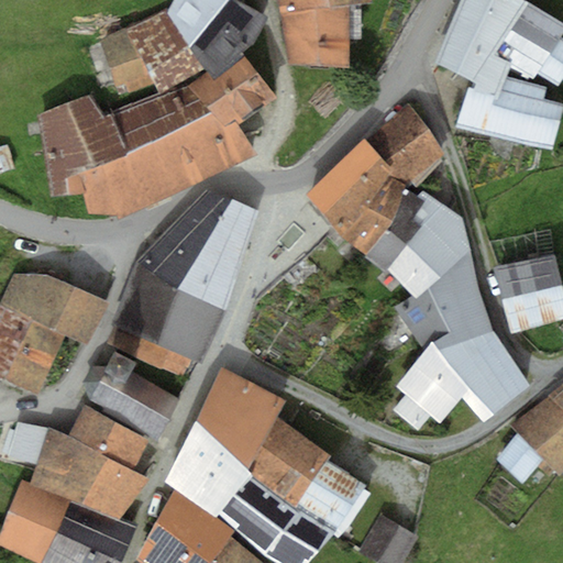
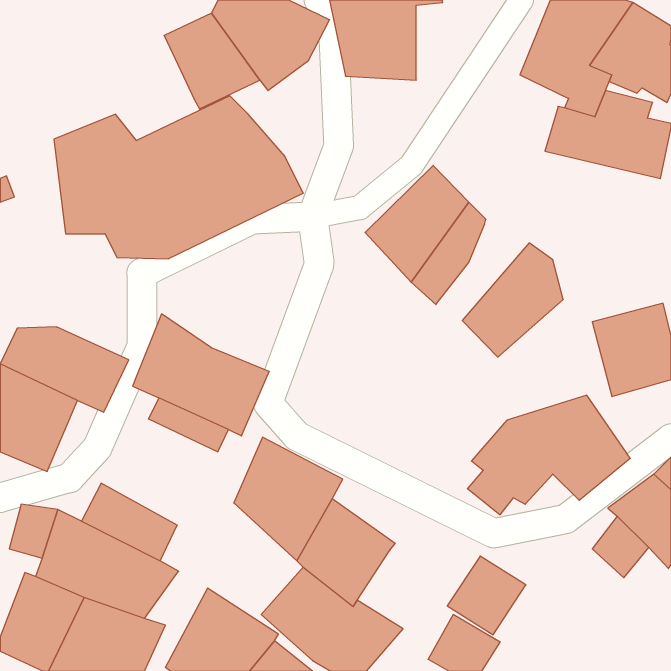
building: [109,30,163,96] -> none
building: [208,67,277,131] -> none
building: [363,103,448,188] -> none
building: [365,188,443,271] -> none
building: [135,190,256,311] -> none
building: [396,251,492,352] -> none
building: [84,352,180,440] -> none
building: [163,421,254,519] -> none
building: [299,461,365,527] -> [447,556,526,635]

